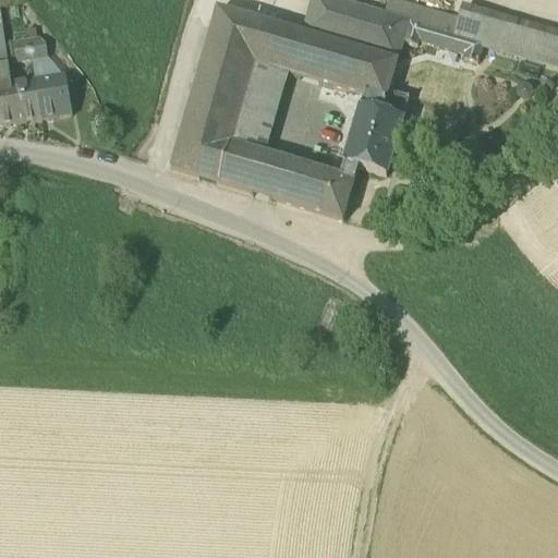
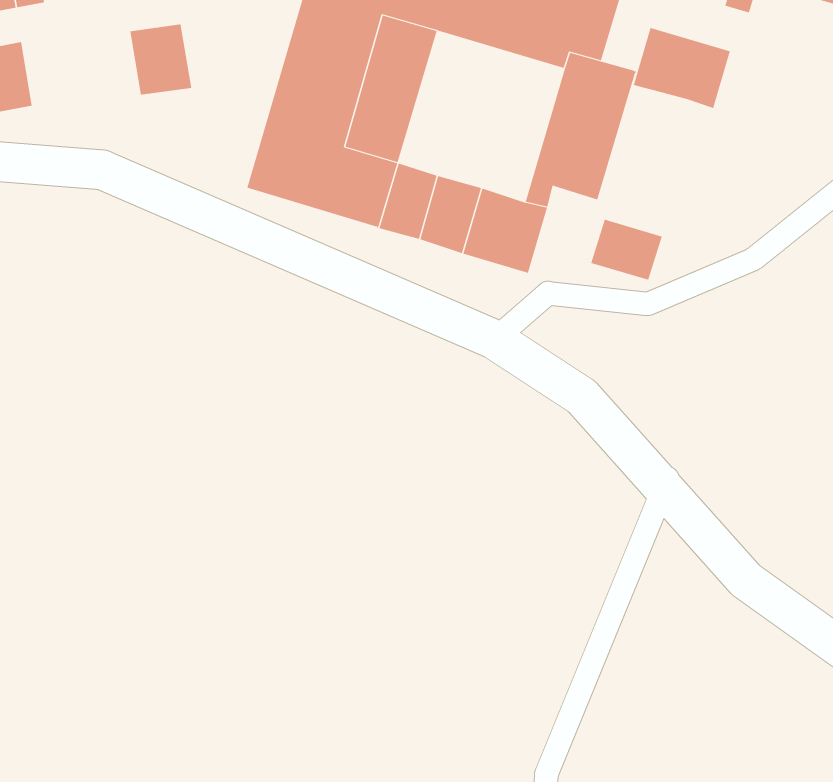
building: none -> [633,27,731,109]
building: [32,71,70,114] -> [130,24,192,95]
building: none -> [590,219,663,280]

